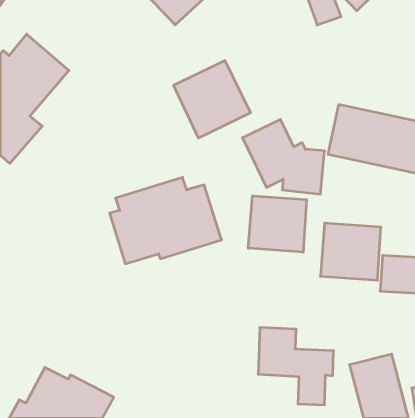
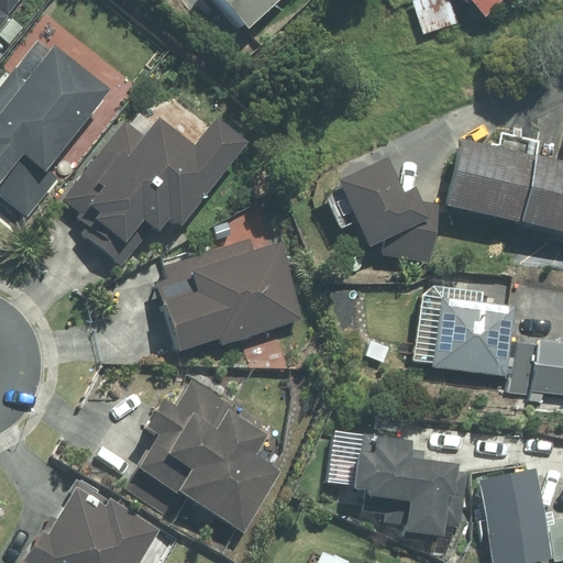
building: [174,60,250,138] -> none
building: none -> [64,118,245,268]
building: [248,196,307,252] -> none
building: none -> [128,383,280,532]

